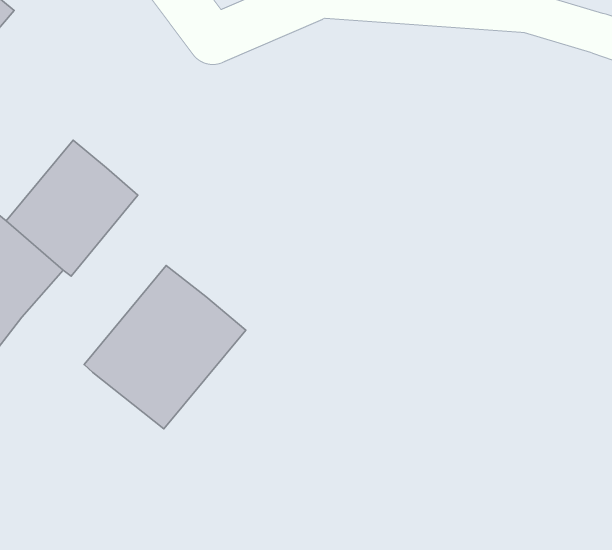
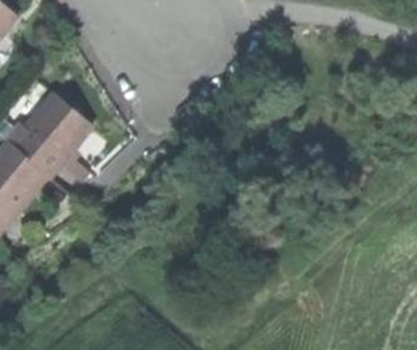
building: [84,265,246,429] -> none

